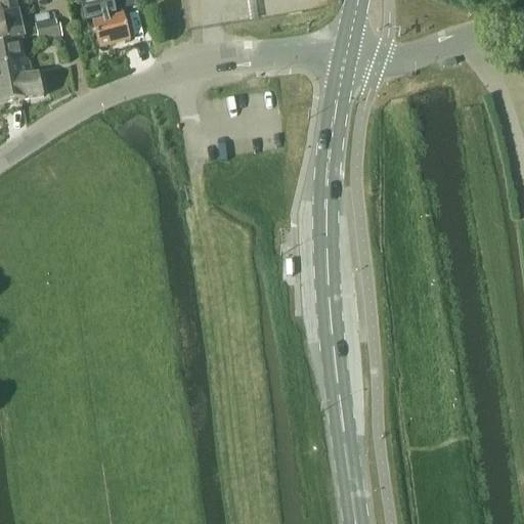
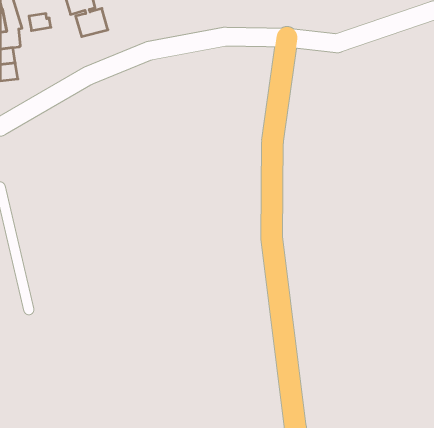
building: [15,54,43,95] -> none

